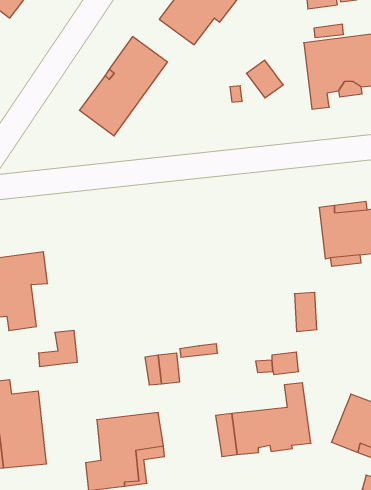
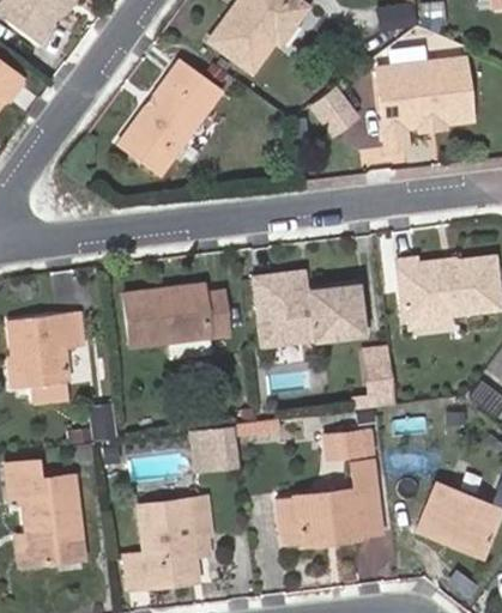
building: none -> [254,272,363,344]
building: none -> [125,284,232,342]

